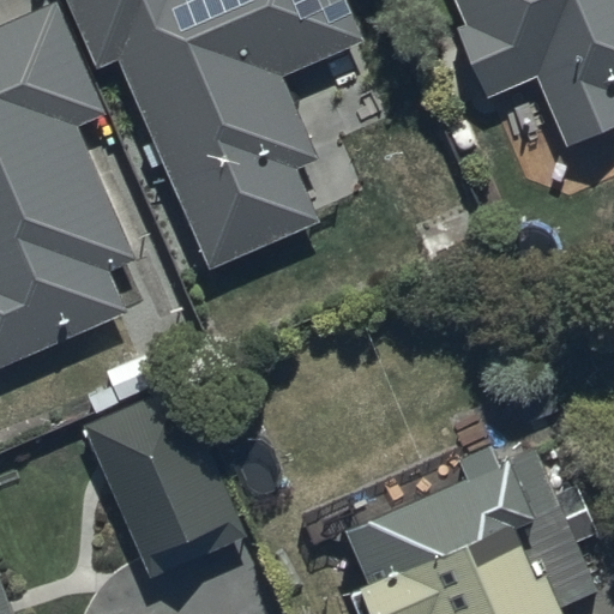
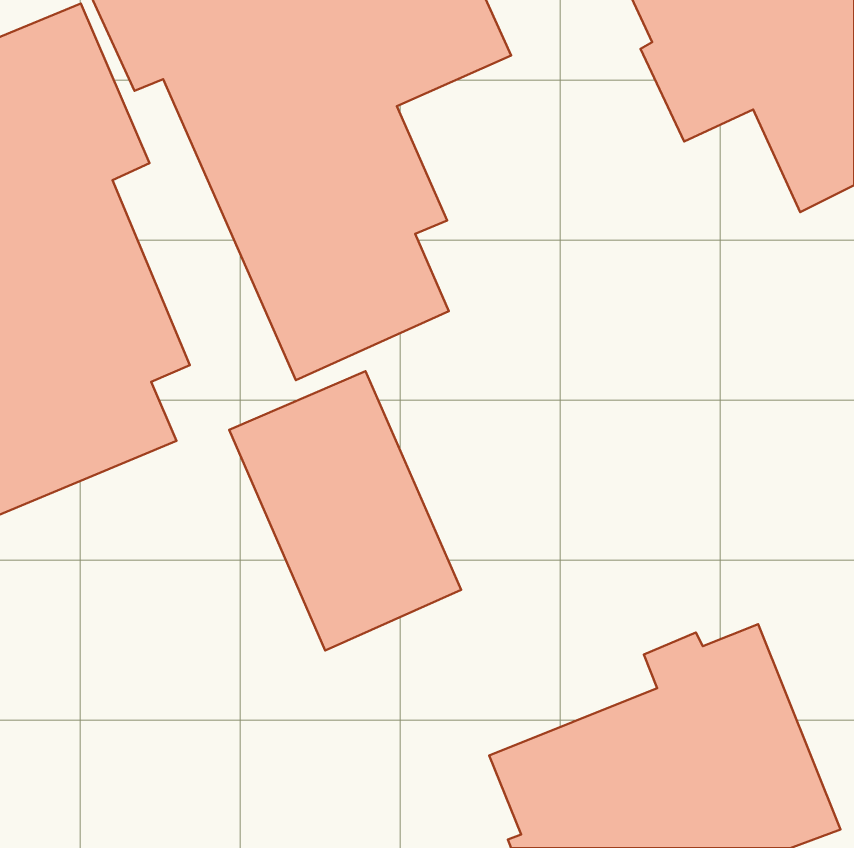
building: [82,381,247,580] -> [229,371,461,650]

